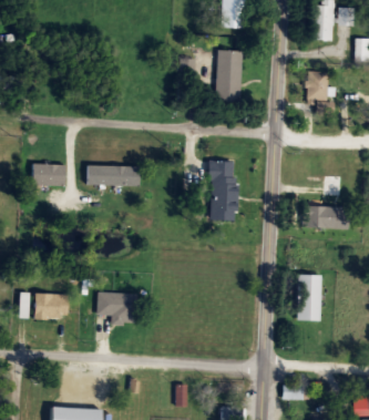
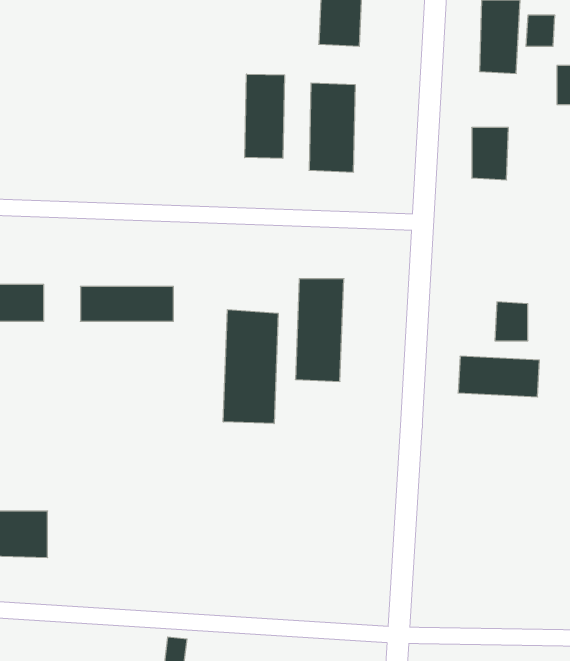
building: none -> [245,74,285,158]
building: none -> [223,310,278,424]
building: [297,276,322,322] -> none
building: [96,293,134,325] -> none

